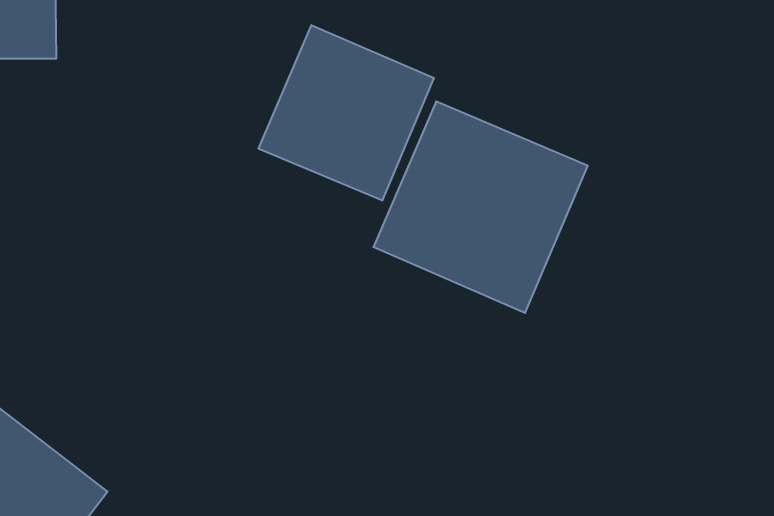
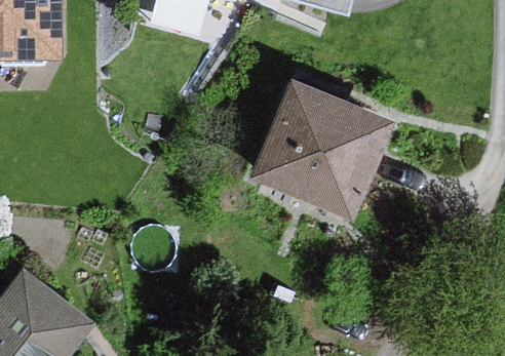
building: [259,25,434,201] -> none

